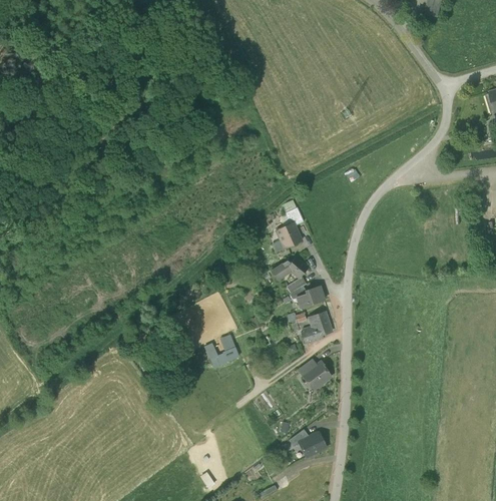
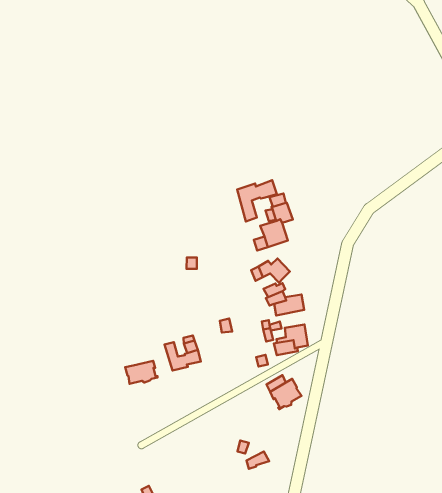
building: none -> [237,180,277,221]
building: none -> [125,361,157,384]
building: [299,433,326,457] -> none

